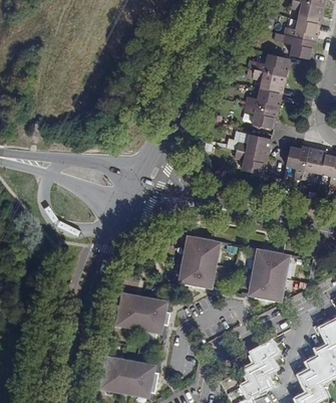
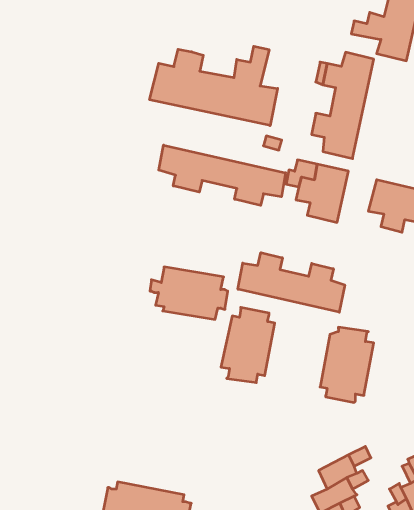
building: none -> [150,46,278,126]
building: none -> [159,145,286,205]
building: none -> [238,253,345,312]
building: [114,295,170,333] -> [150,267,228,319]

